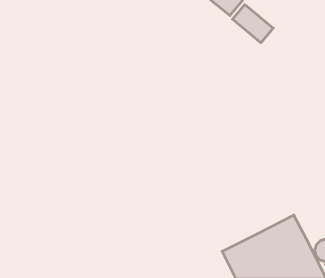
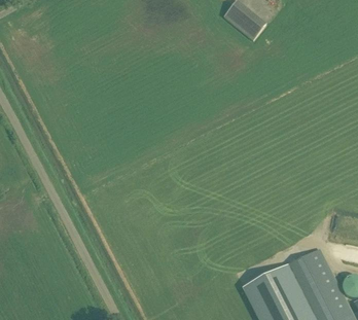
building: [232,5,273,43] -> none

